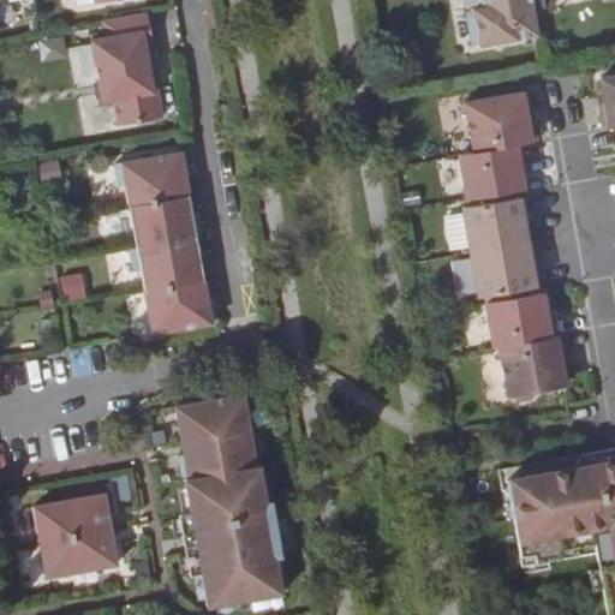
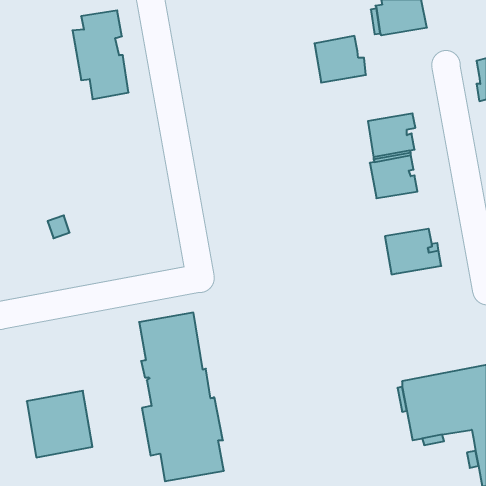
building: [471,91,536,150] -> [314,36,366,83]
building: [117,151,217,333] -> none
building: [472,241,536,298] -> none
building: [501,334,567,399] -> none

